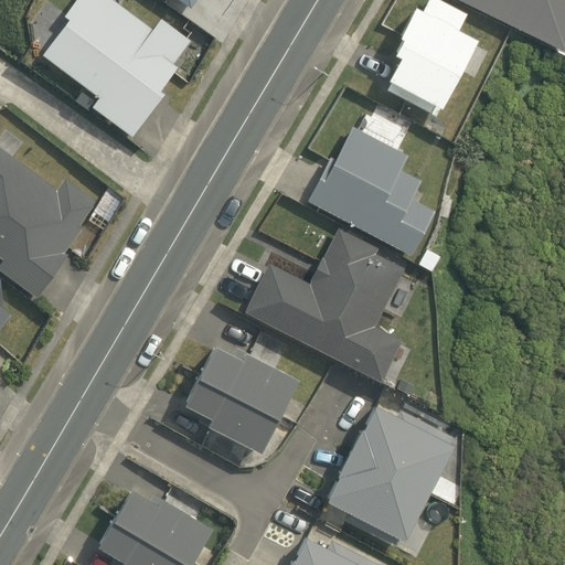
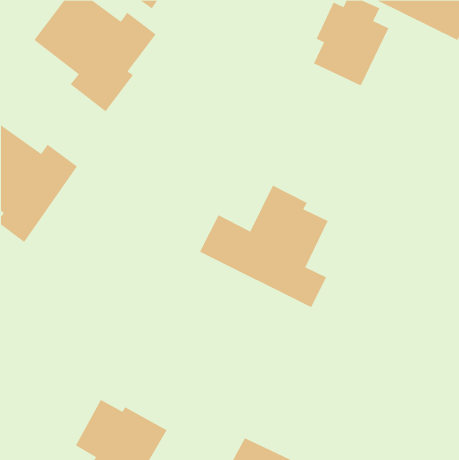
building: [311,126,437,256] -> none
building: [182,343,295,451] -> none
building: [323,408,457,541] -> none

